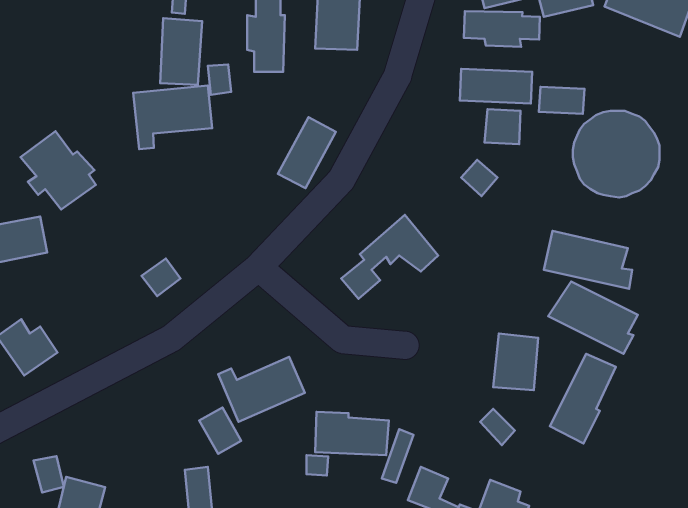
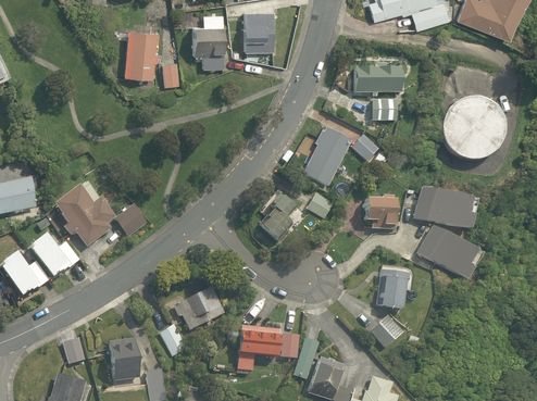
building: [464,11,540,47] -> none
building: [133,85,212,149] -> none
building: [539,87,585,114] -> none
building: [278,117,336,188] -> [303,130,347,184]
building: [21,131,96,209] -> [57,187,113,246]
building: none -> [366,201,404,230]
building: none -> [33,233,78,277]
building: [550,354,616,443] -> none
building: none -> [111,341,140,379]
building: [33,456,64,492] -> [61,338,84,365]

